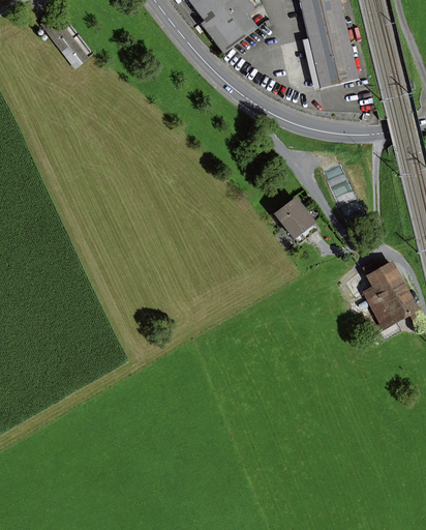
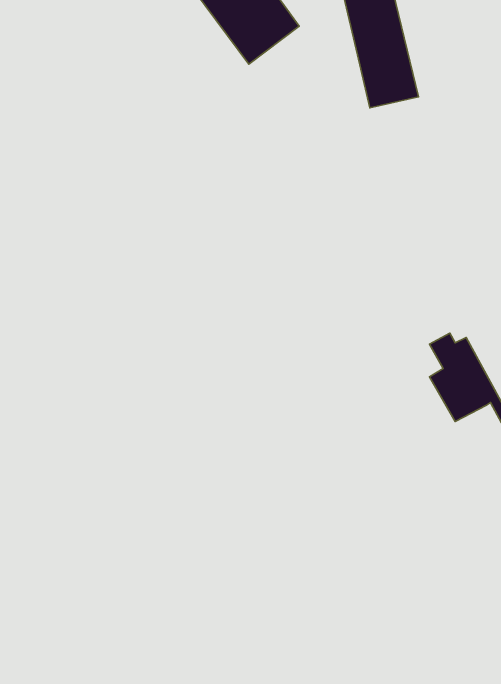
building: [42,11,87,65] -> none
building: [276,198,317,241] -> none

